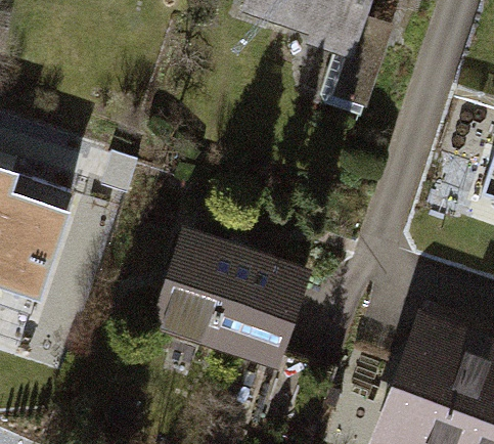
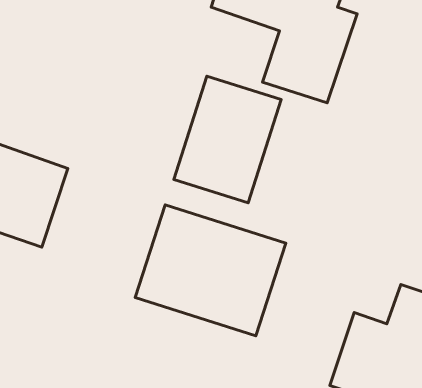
building: none -> [174,76,281,203]

